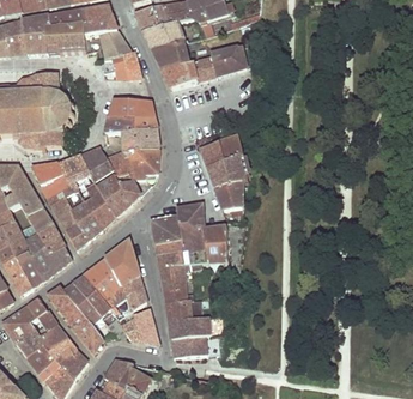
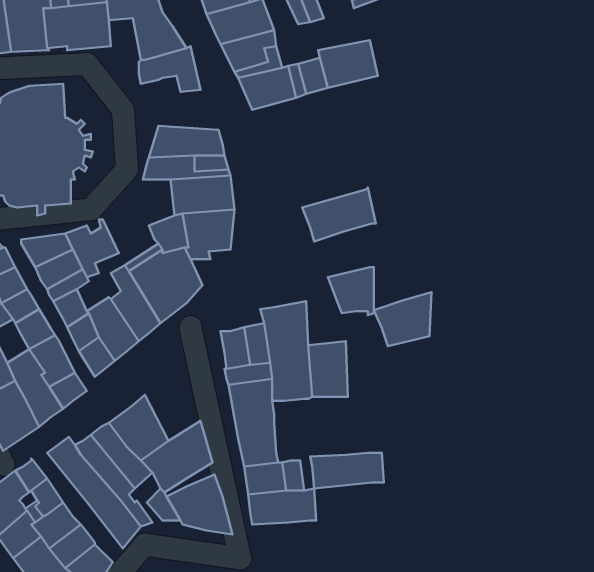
building: [80,146,111,179] -> none
building: [207,157,242,189] -> [374,292,432,346]
building: [104,241,139,288] -> none
building: [170,335,214,357] -> [310,453,384,489]

